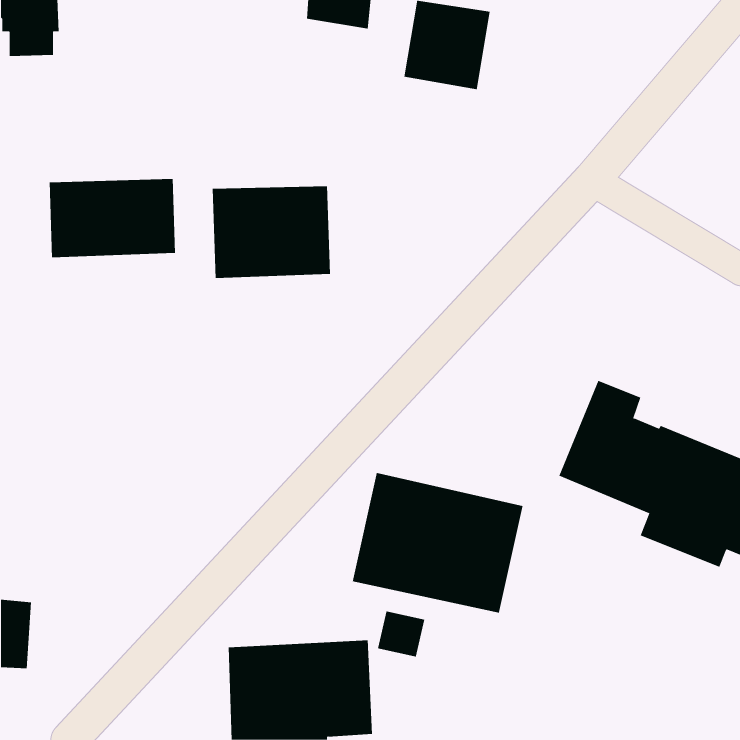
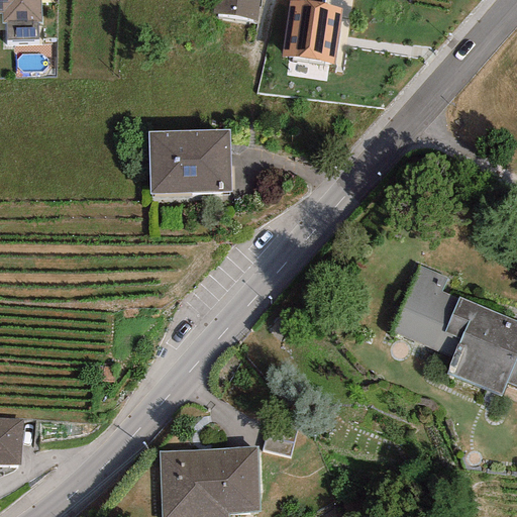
building: [49,178,176,258] -> none
building: [352,472,523,614] -> none

